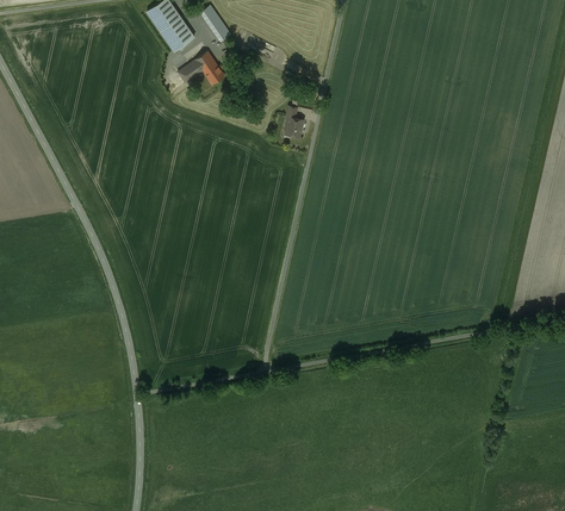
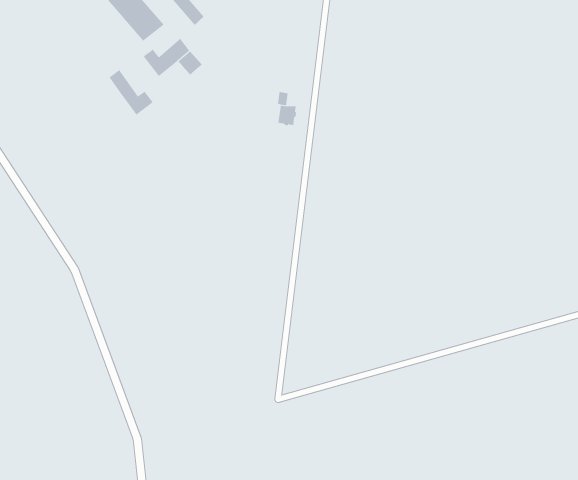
building: none -> [109,69,153,116]

